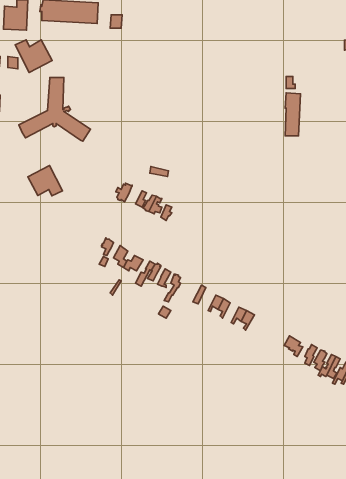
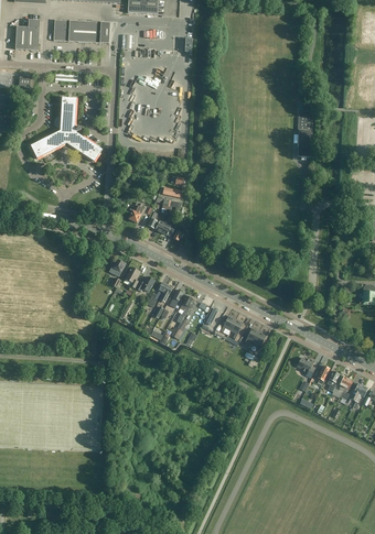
building: [15,40,52,73] -> none
building: [28,166,62,196] -> none

